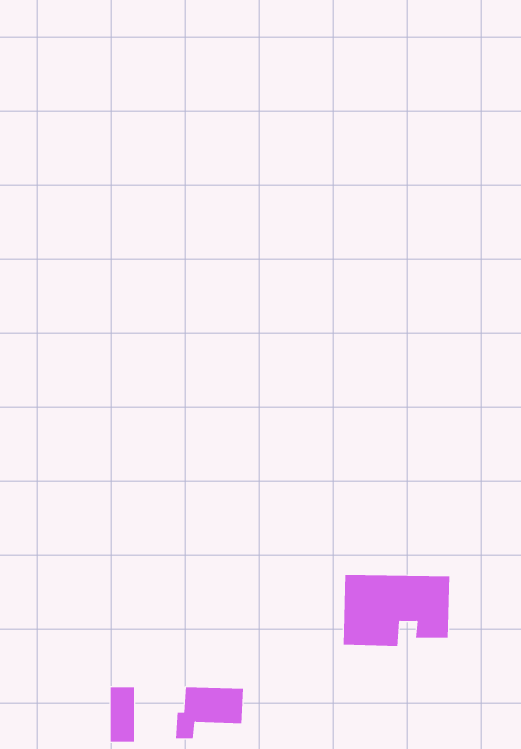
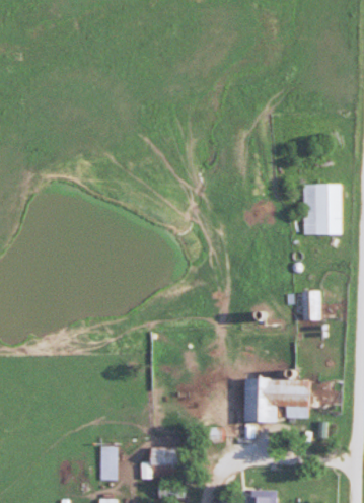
building: none -> [305,185,341,235]
building: none -> [302,293,319,320]

